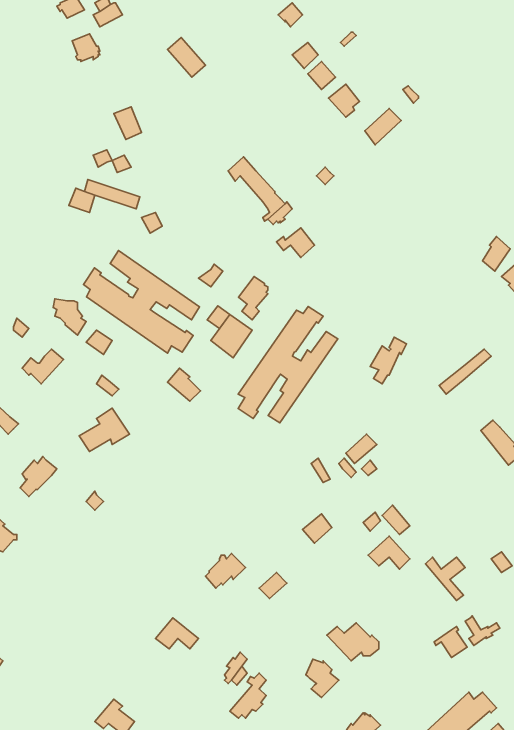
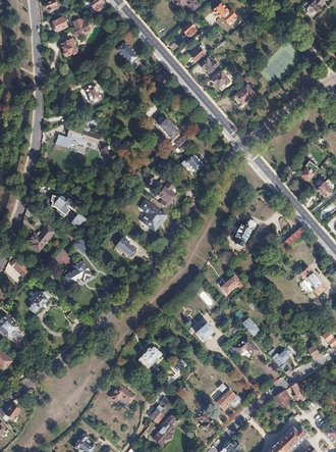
building: [84,251,200,353] -> none
building: [238,306,338,423] -> none

